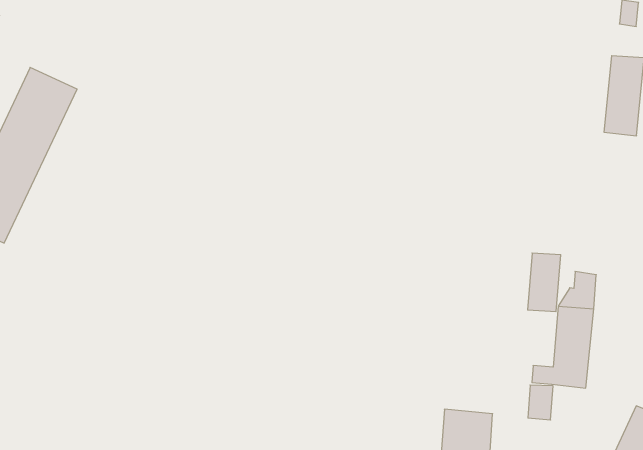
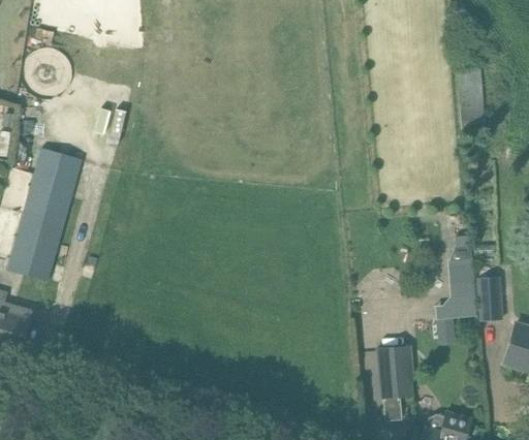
building: [528,253,561,312] -> [477,278,501,321]

